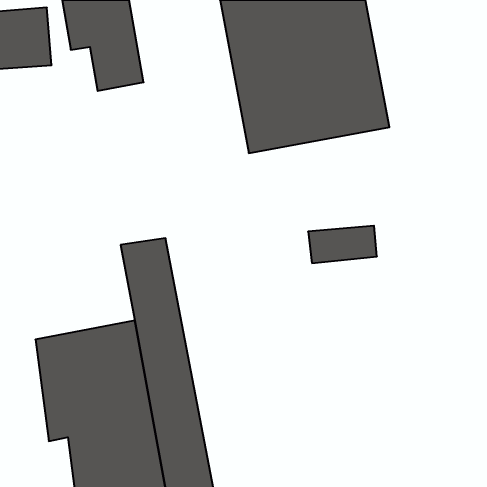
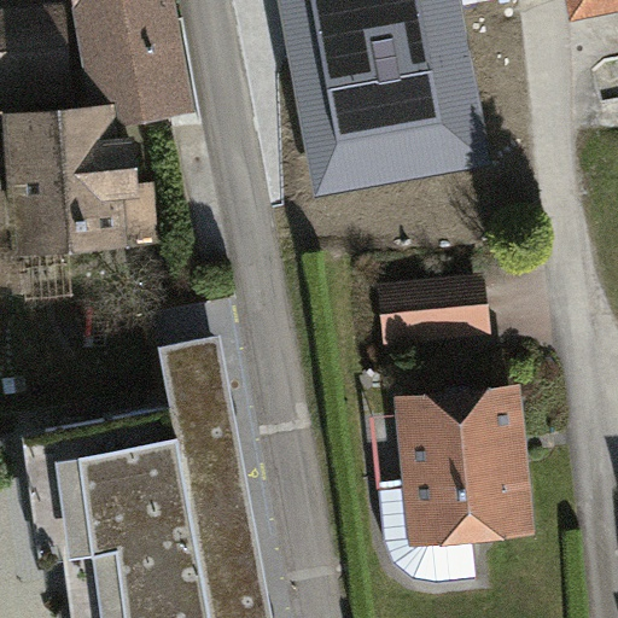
building: none -> [12,115,150,245]
building: none -> [378,395,521,584]

